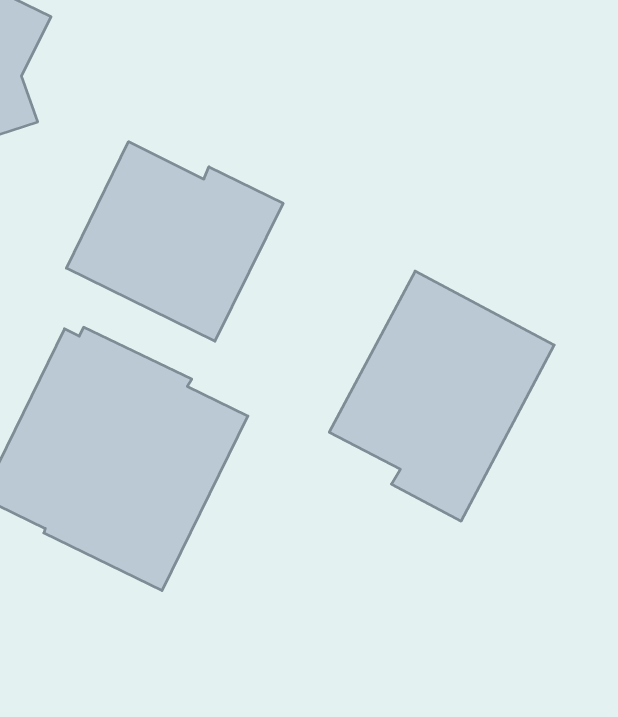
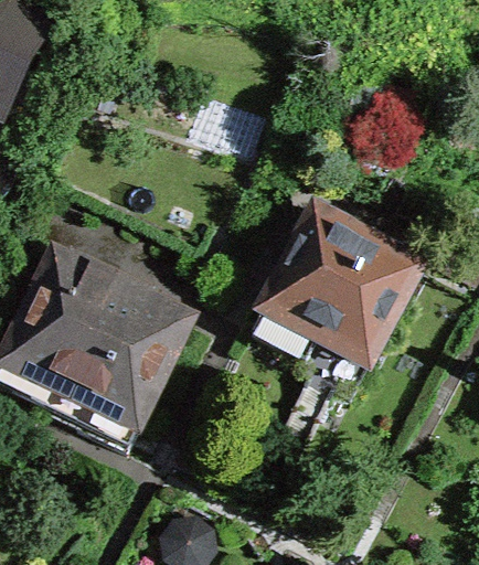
building: [66,142,283,341] -> none

